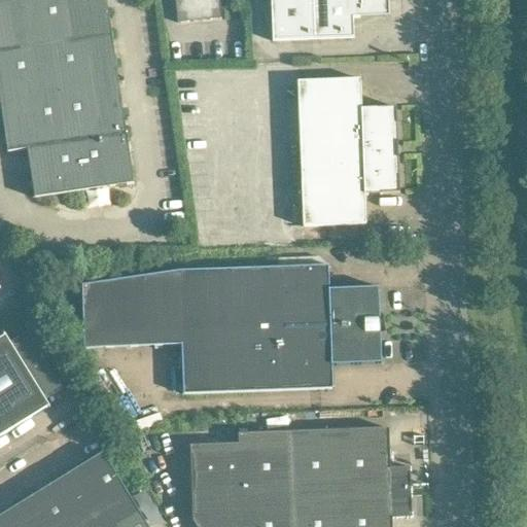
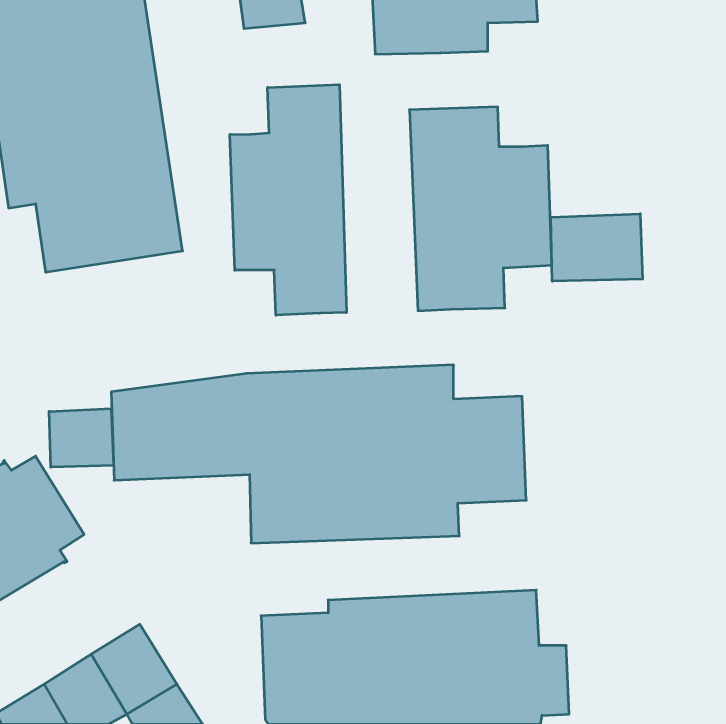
building: none -> [230,85,346,315]
building: none -> [551,214,643,281]
building: none -> [49,409,114,467]

